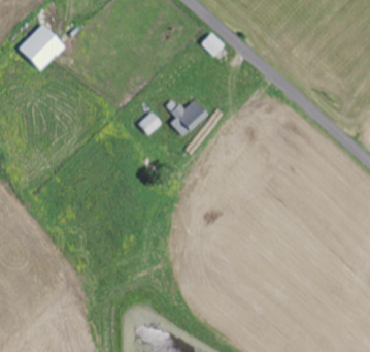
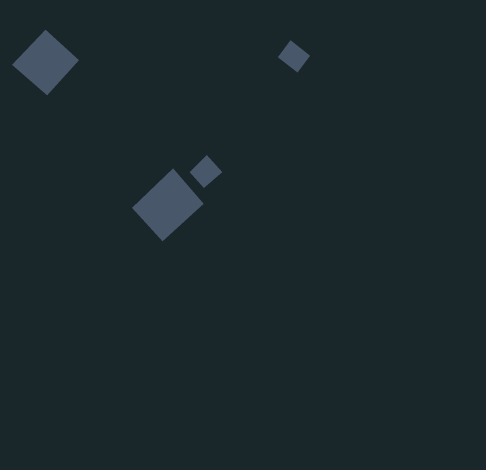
building: [167,99,208,134] -> none
building: none -> [131,168,204,242]

